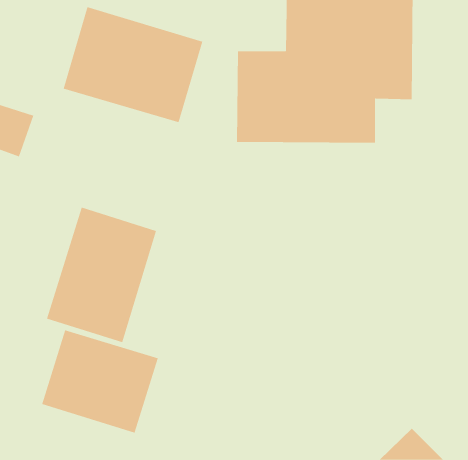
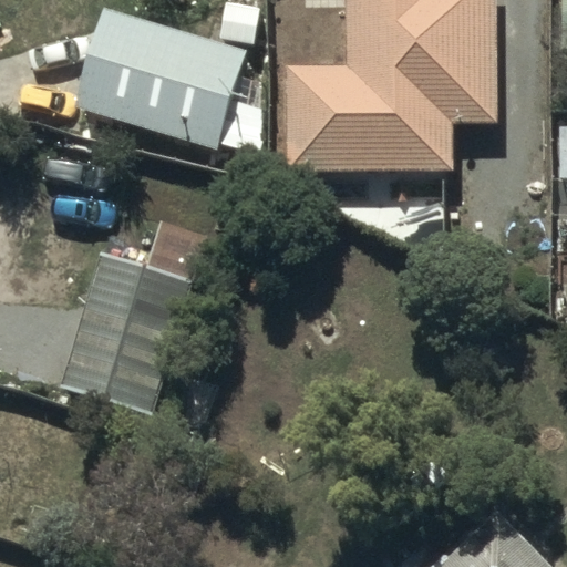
building: [41,329,159,434] -> none

